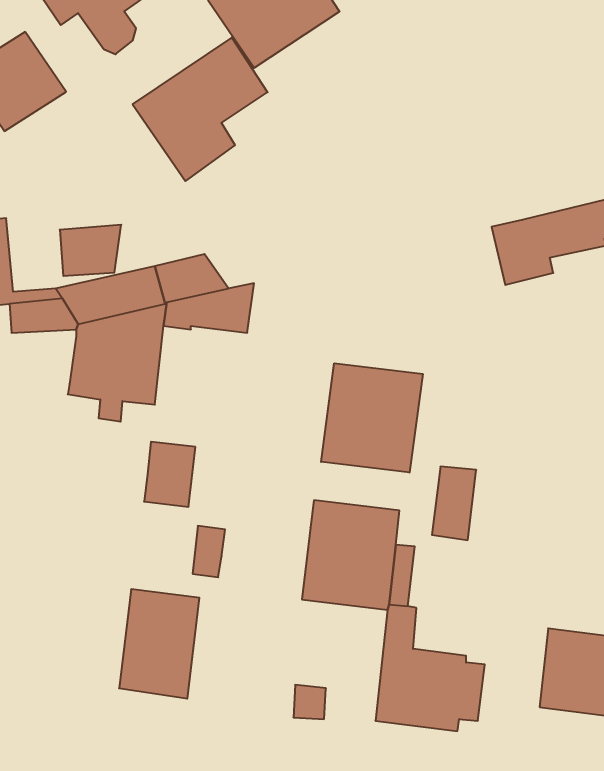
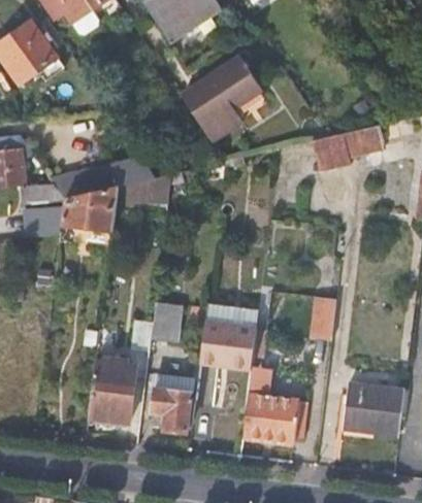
building: [133,37,268,181] -> [180,56,261,142]
building: [60,225,121,276] -> [25,205,62,236]
building: [321,363,423,473] -> none
building: [144,442,195,507] -> [150,302,181,341]
building: [432,467,476,540] -> [309,297,335,341]
building: none -> [153,375,197,431]

